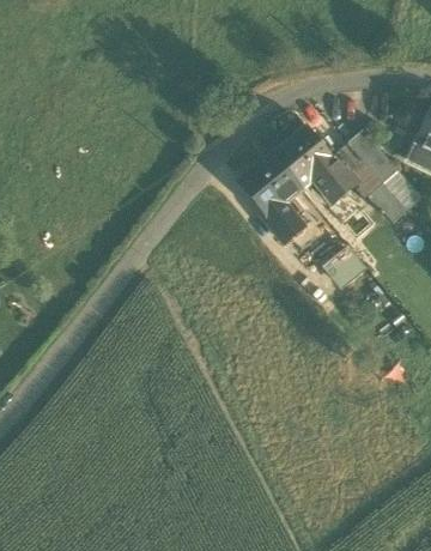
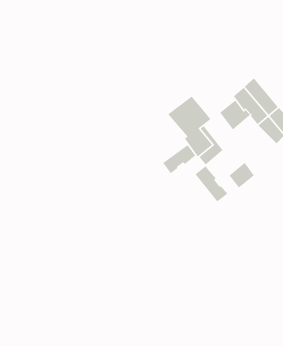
building: [275,125,336,187] -> none
building: none -> [162,144,196,174]
building: none -> [195,165,228,203]

